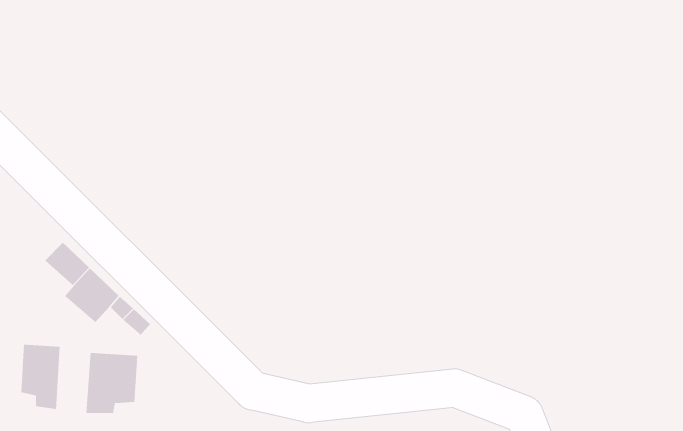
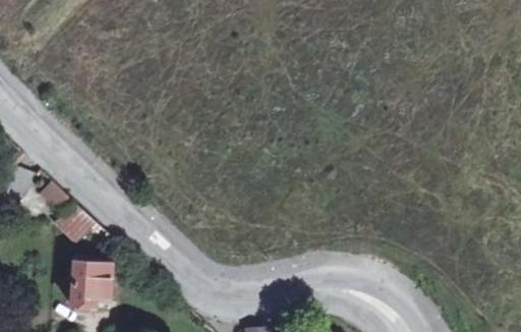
building: [21,344,60,410] -> none

